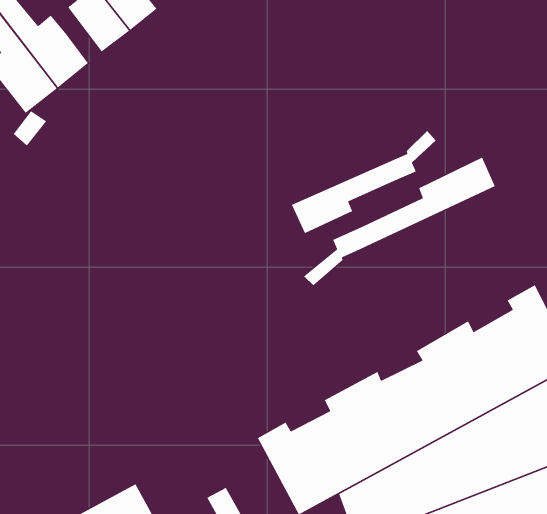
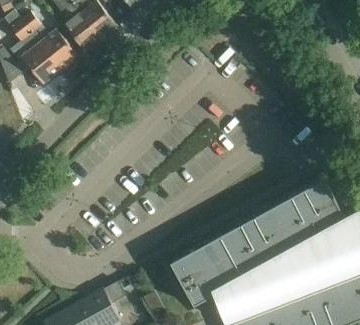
building: [291,130,437,234] -> none
building: [303,157,496,286] -> none

